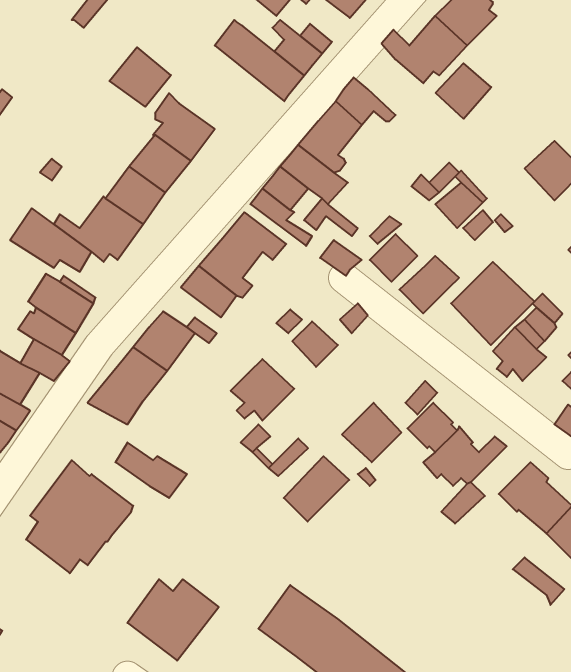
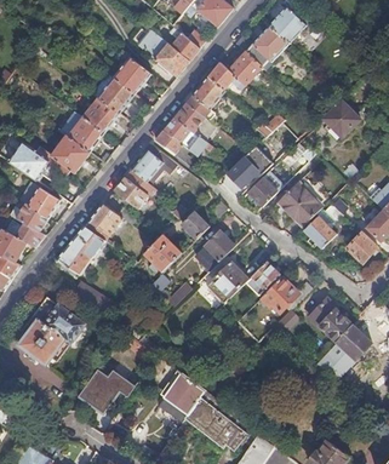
building: [109,47,171,107] -> [111,57,149,93]
building: [436,63,491,119] -> [227,51,261,85]
building: [284,456,349,522] -> [194,230,234,270]

